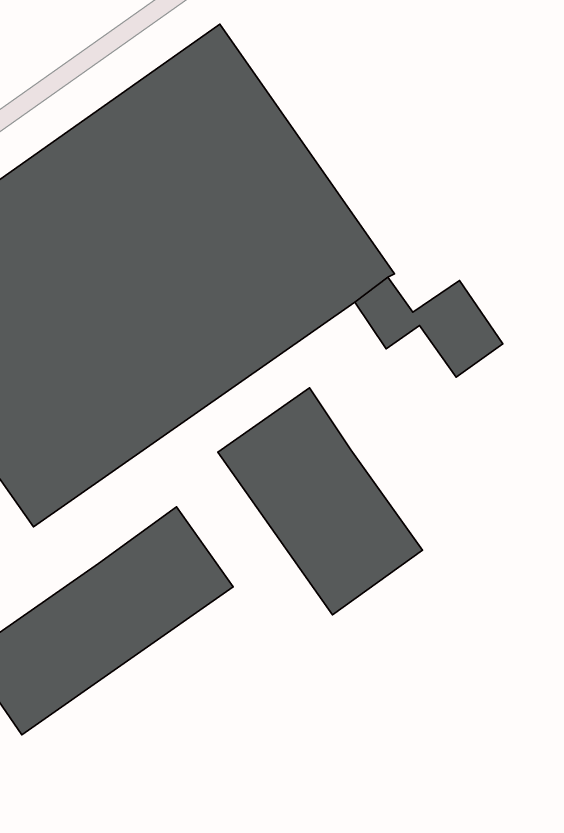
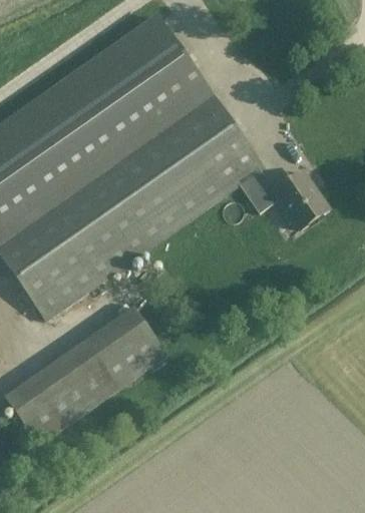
building: [218,388,423,615] -> none

